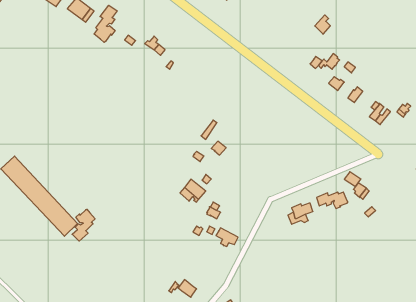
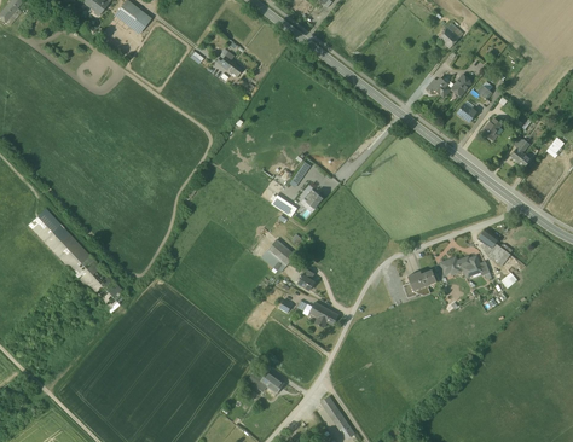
building: [94,5,117,42] -> none
building: [72,209,95,241] -> none

